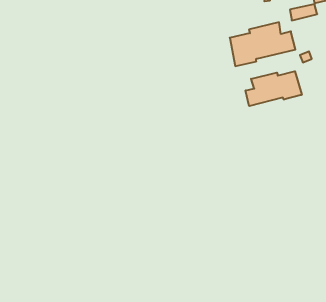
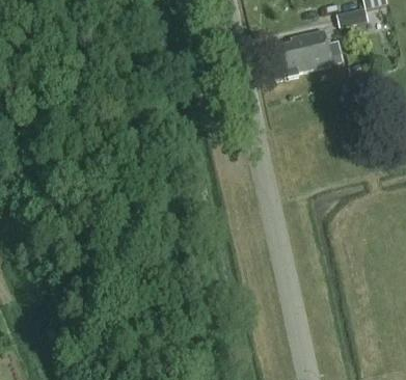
building: [246,71,302,106] -> none

